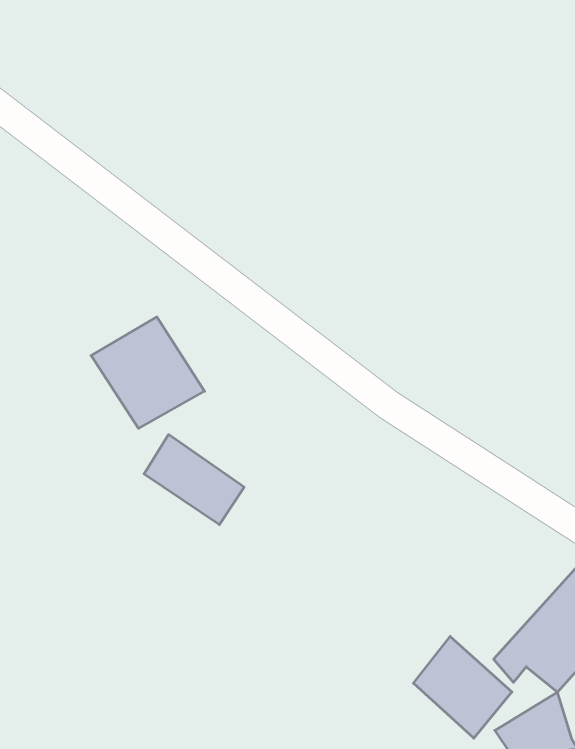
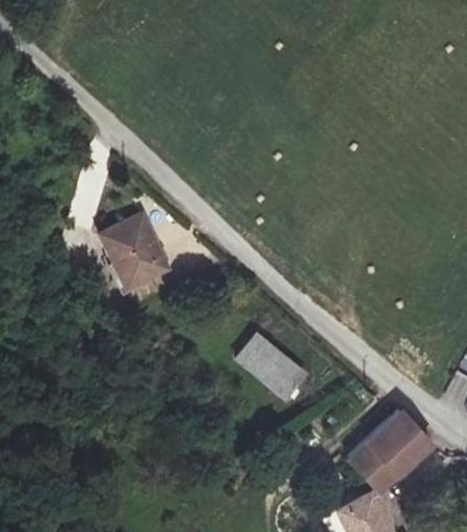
building: [144,435,244,525] -> [238,331,303,394]
building: [413,636,512,738] -> none

